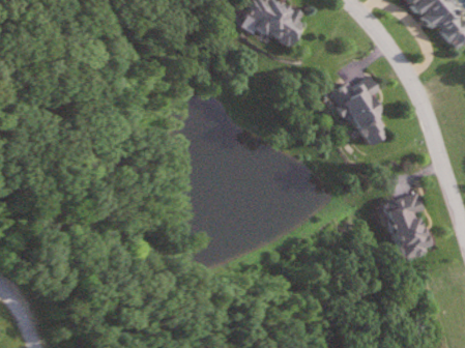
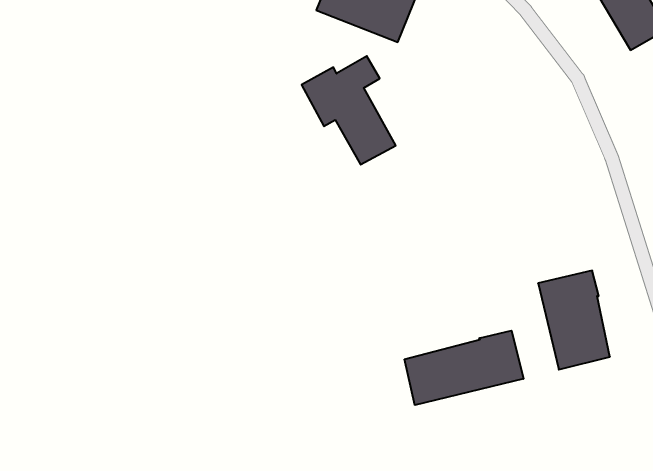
building: [328,76,389,146] -> [302,56,396,165]
building: none -> [405,331,523,405]

